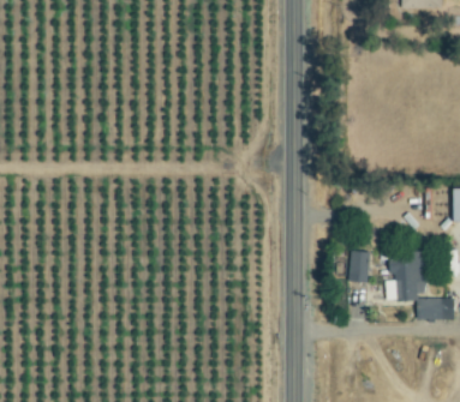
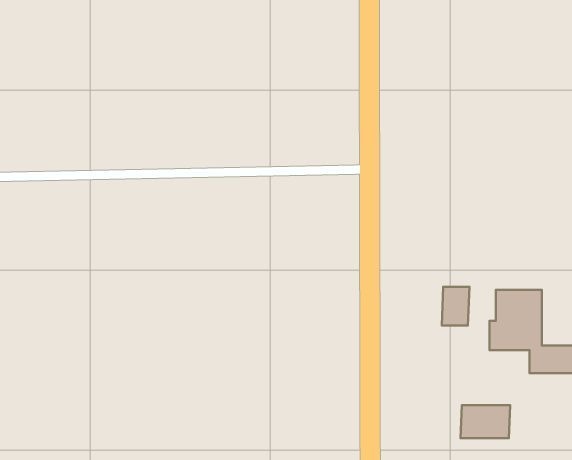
building: none -> [460,405,510,438]

